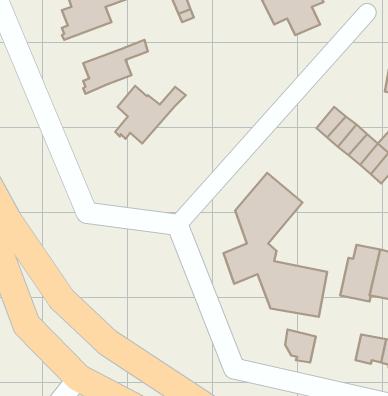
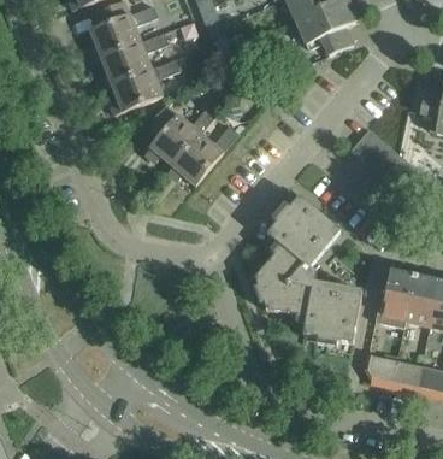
building: none -> [93,33,169,84]
building: none -> [166,124,243,184]
building: [285,330,316,363] -> [365,353,396,387]

